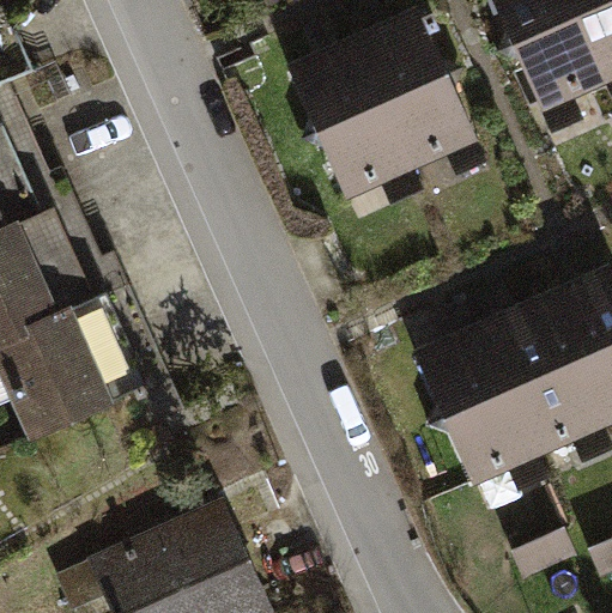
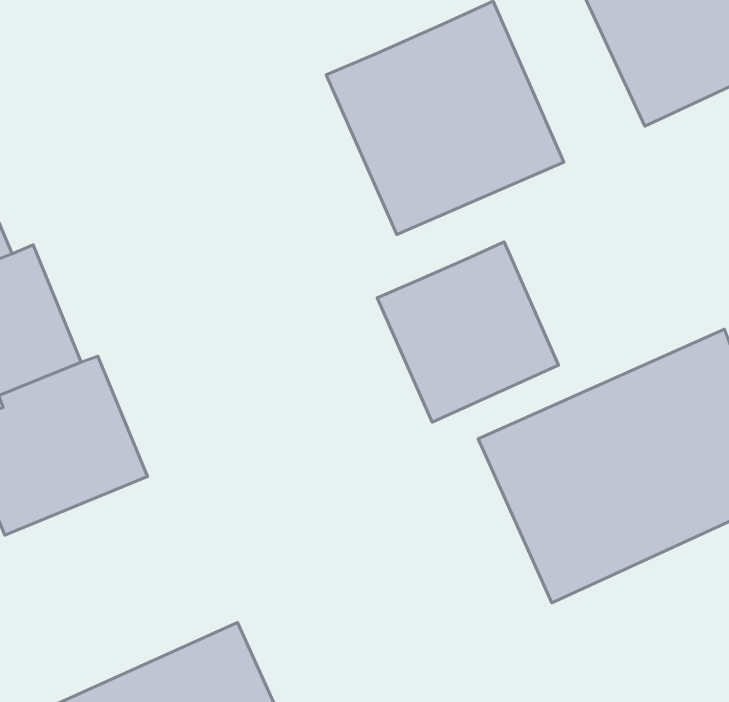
building: none -> [377,242,558,422]

